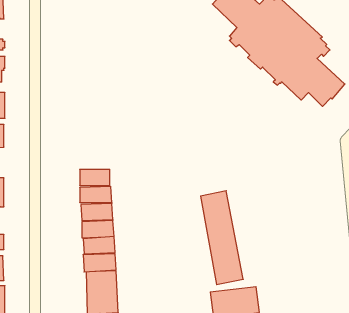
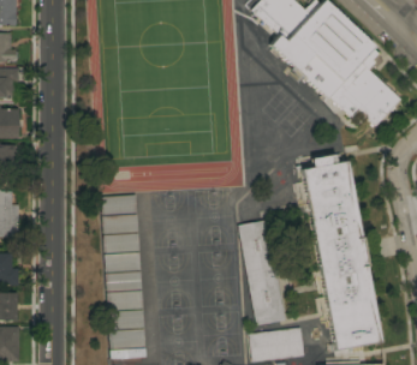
building: none -> [302,154,381,351]

